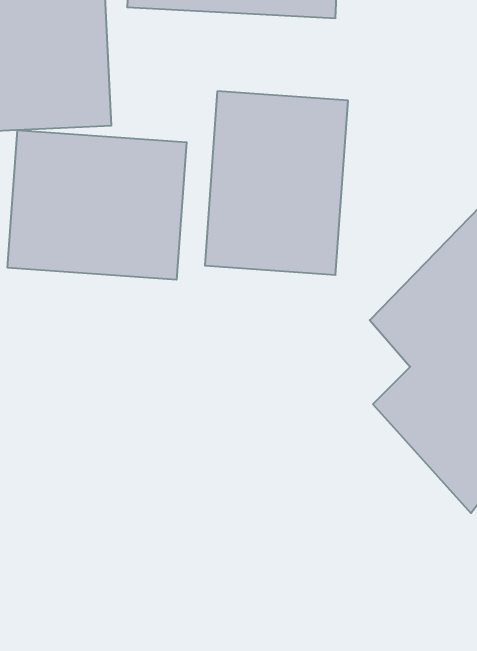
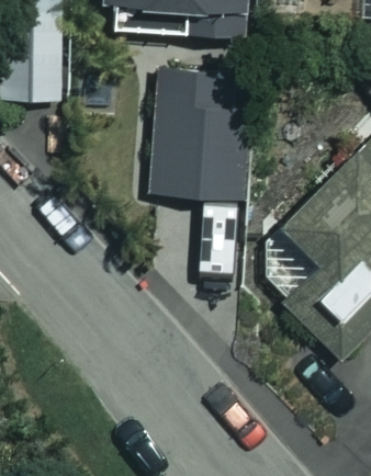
building: [8,130,186,280] -> none

